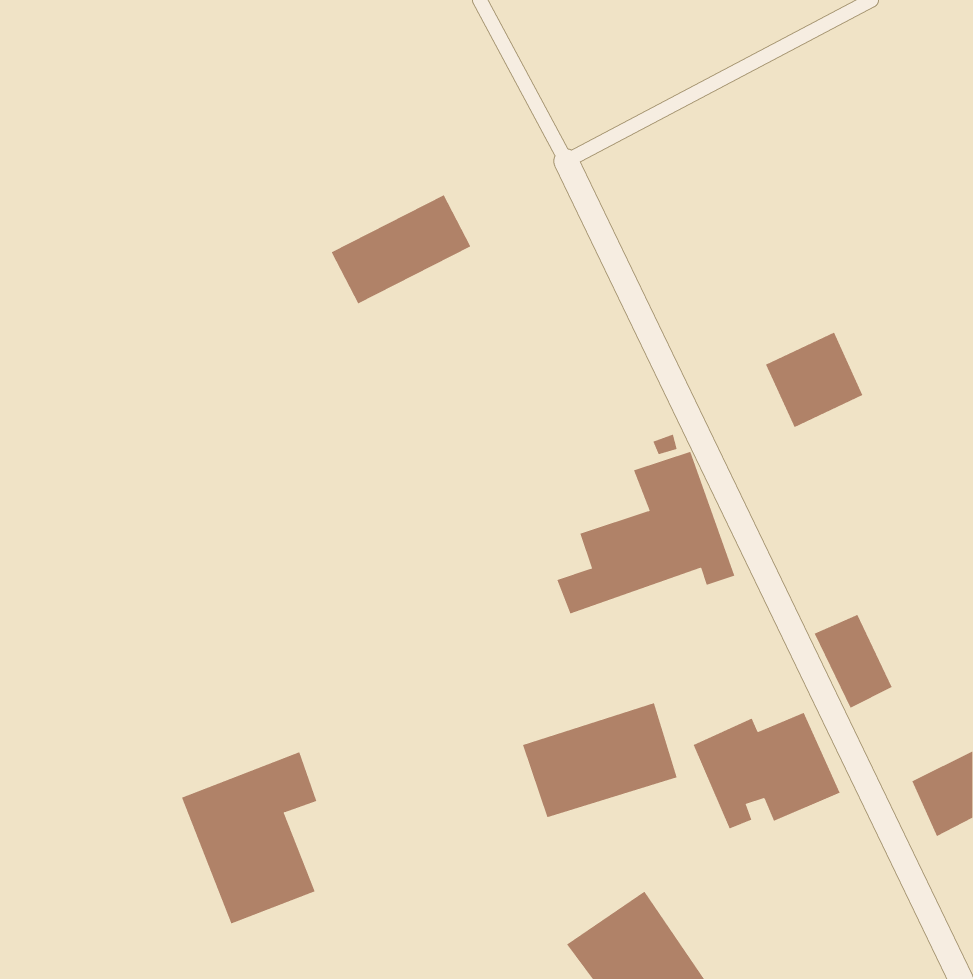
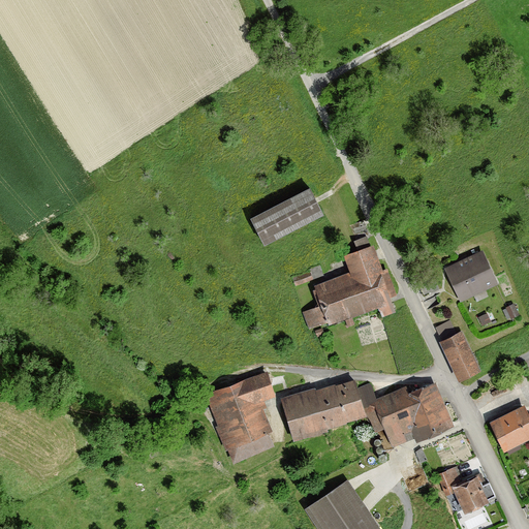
building: [331,195,471,304] -> [251,186,326,245]
building: [765,332,863,428] -> [444,250,497,302]
building: [181,751,317,924] -> [203,370,276,463]
building: none -> [435,466,489,514]

